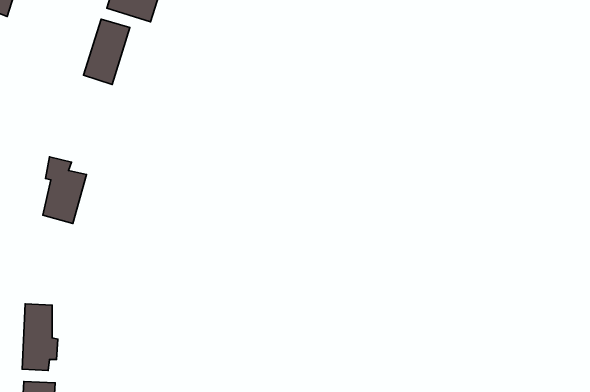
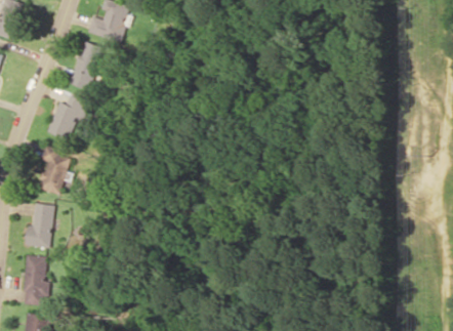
building: none -> [46,92,85,141]
building: none -> [25,203,54,248]

